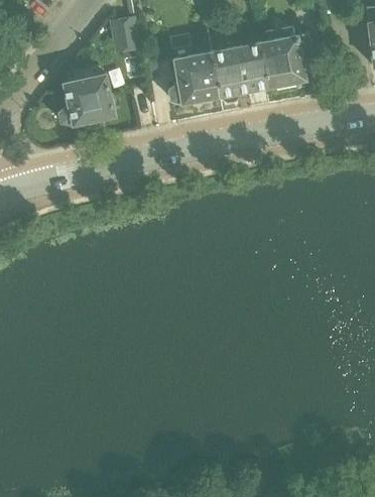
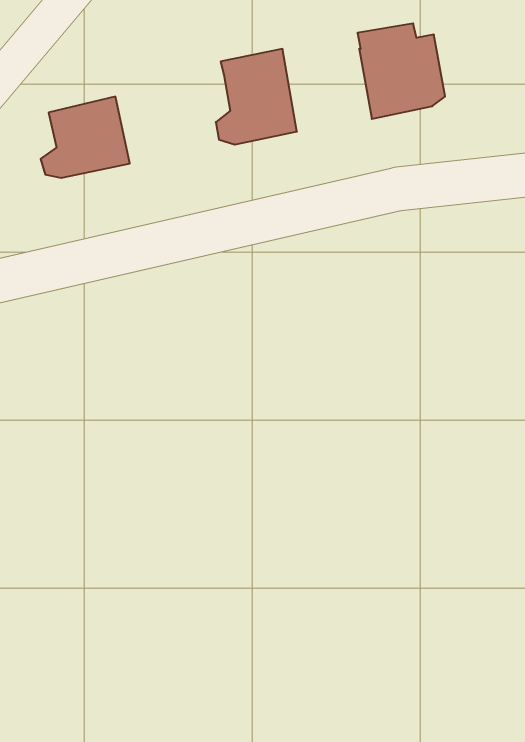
building: [111,19,138,52] -> none
building: [209,24,267,103] -> none

